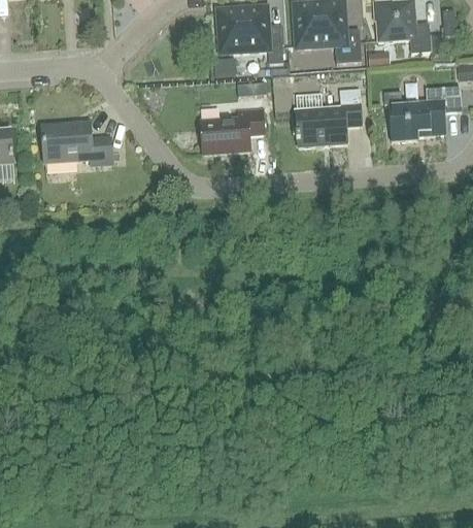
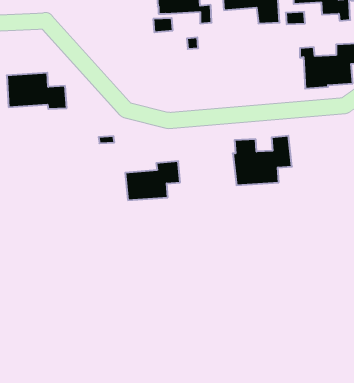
building: [295,89,364,146] -> [233,136,292,185]
building: [200,107,264,153] -> [125,161,180,200]

